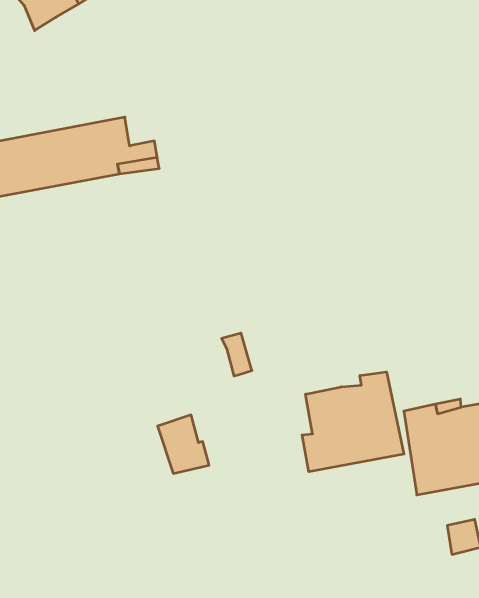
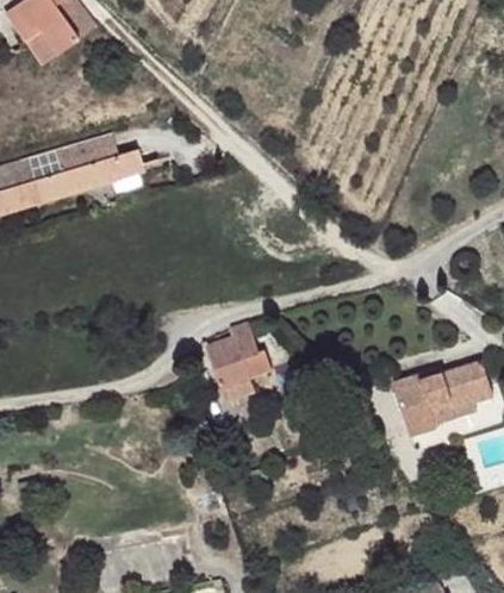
building: [302,372,404,472] -> none
building: [158,415,209,473] -> [203,332,250,385]

